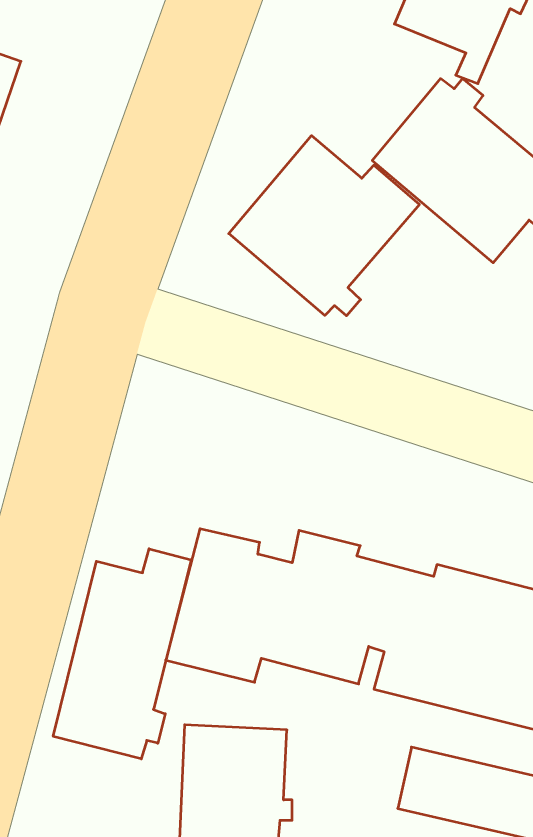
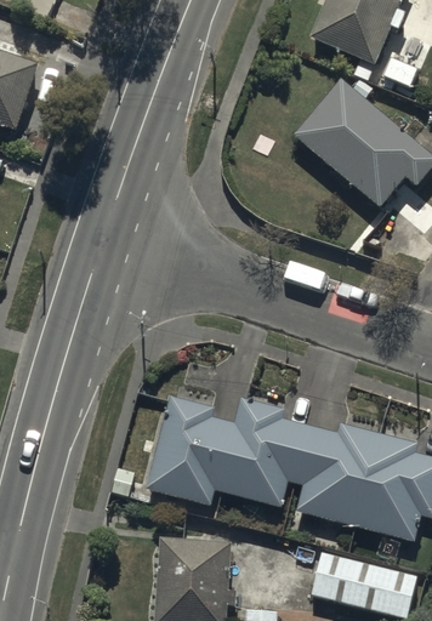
building: [229,136,419,316] -> none
building: [53,549,191,759] -> none

